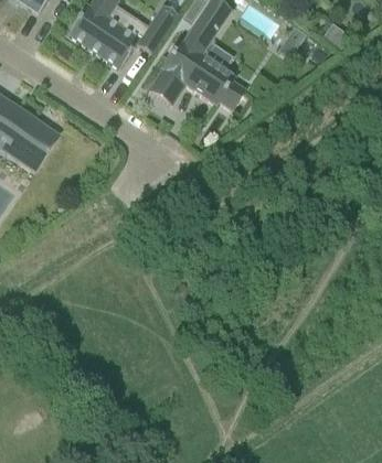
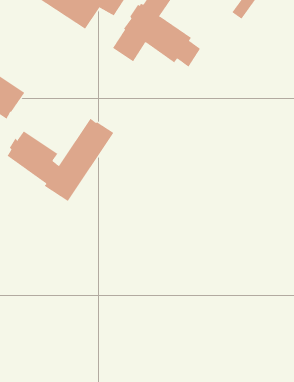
building: none -> [7,118,114,202]

